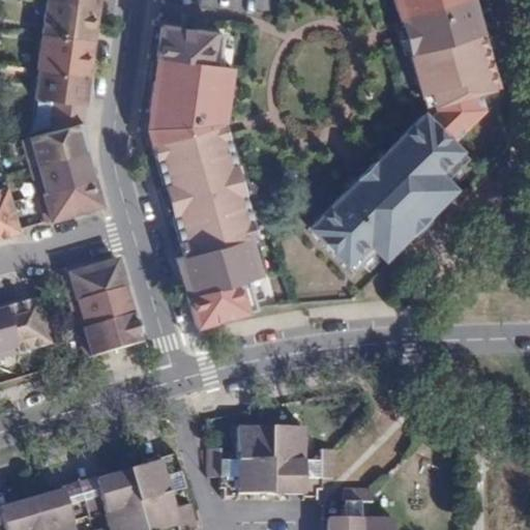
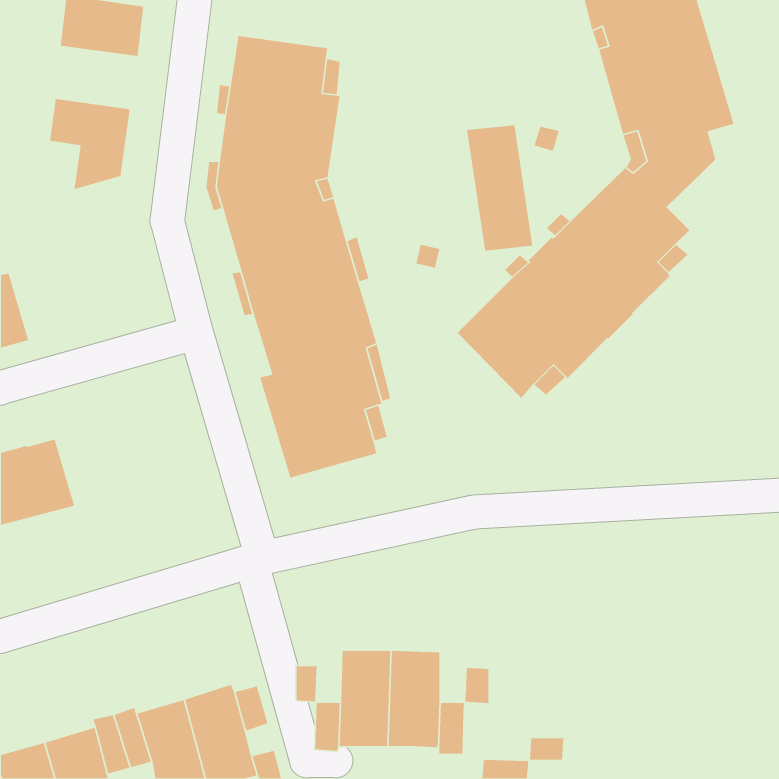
building: [38,31,96,73] -> none
building: none -> [466,124,533,251]
building: [24,119,105,219] -> none
building: [63,258,144,356] -> none

